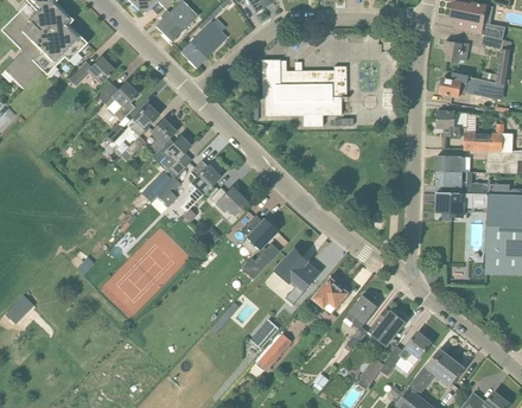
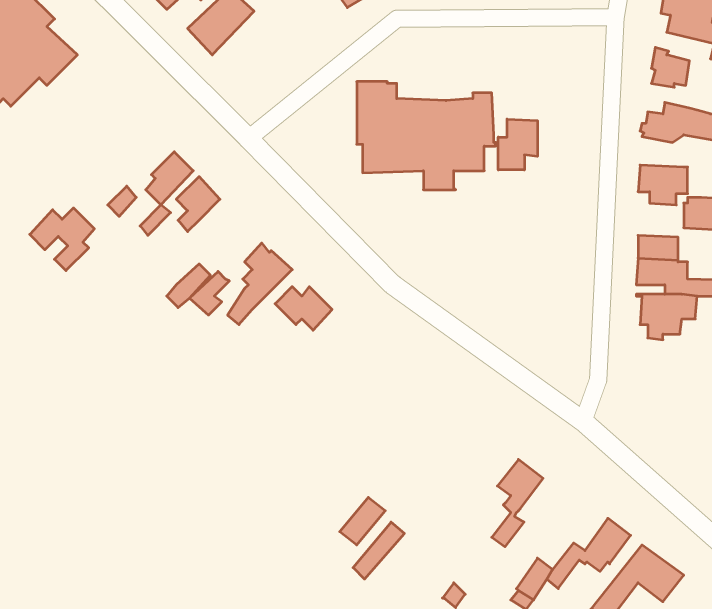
building: [182,20,227,64] -> none
building: [66,56,114,85] -> none
building: [97,81,138,120] -> [30,208,94,271]
building: none -> [498,119,537,170]
building: [152,132,191,174] -> none
building: [241,215,280,279] -> none
building: [274,249,319,291] -> none
building: [316,278,349,311] -> none
building: [368,310,405,345] -> none

